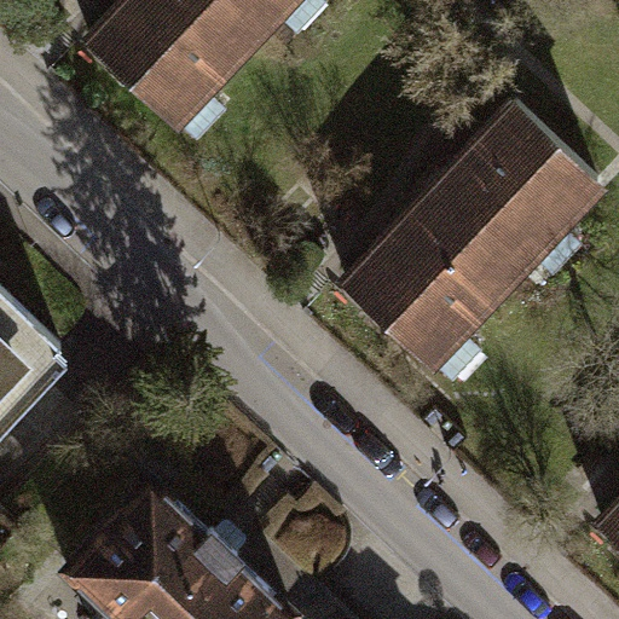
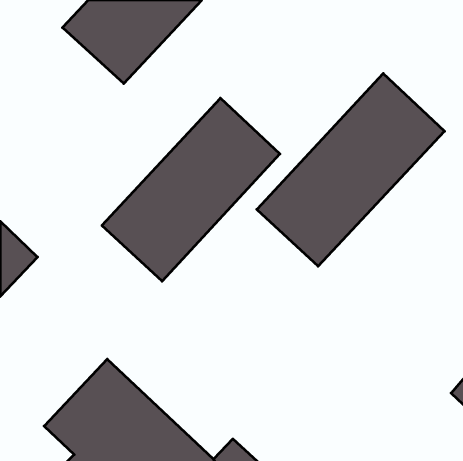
building: none -> [102,98,280,281]

